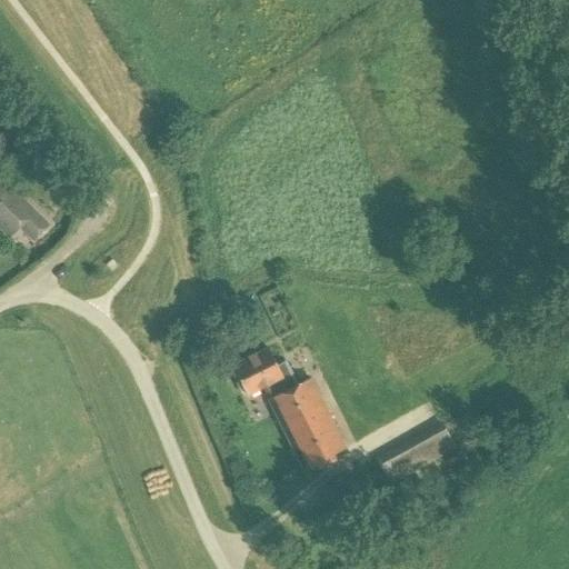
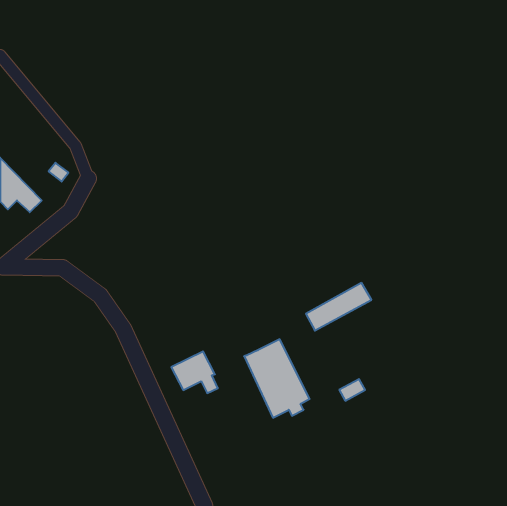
building: [237,351,289,398] -> [171,351,218,393]
building: [385,428,458,481] -> [306,283,371,331]

